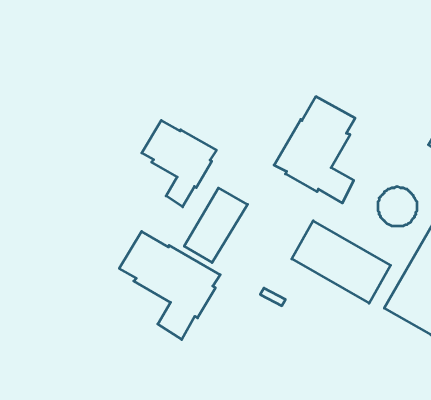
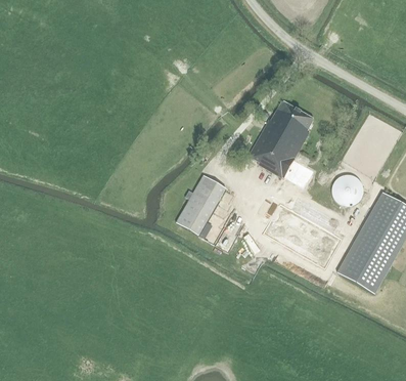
building: [142,120,216,207] -> none
building: [119,231,220,340] -> none

